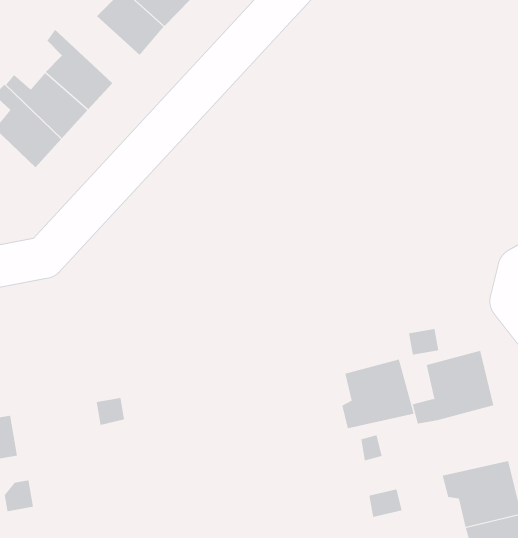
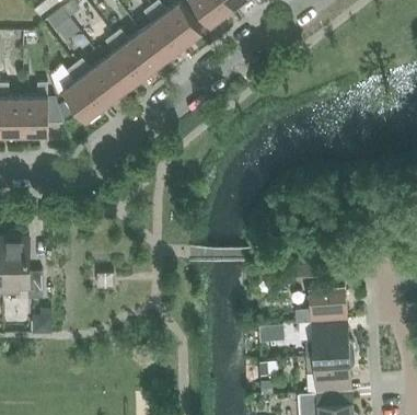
building: none -> [112,31,162,77]
building: [341,359,414,429] -> [304,321,349,359]

